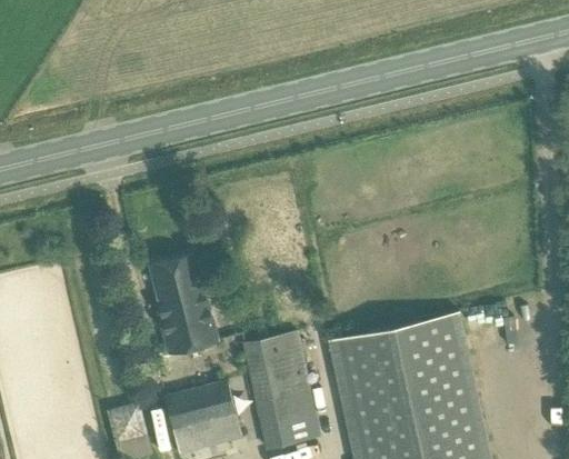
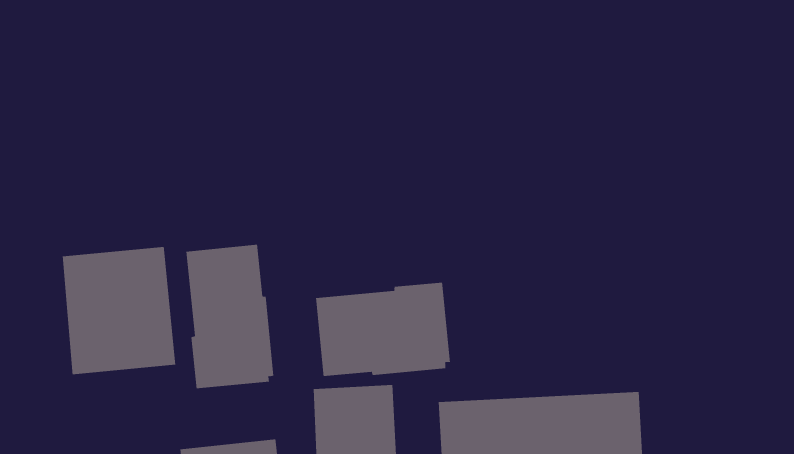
building: none -> [316,282,451,377]
building: none -> [62,246,176,375]

